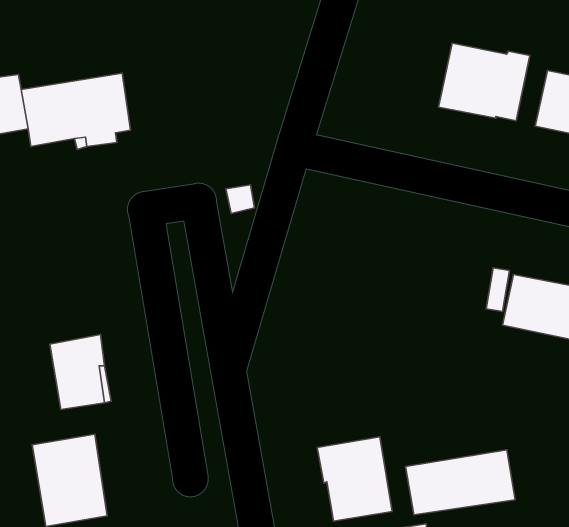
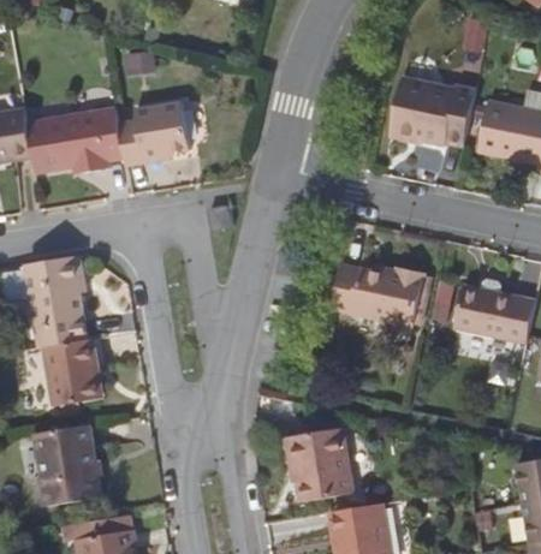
building: none -> [117,102,189,163]
building: none -> [28,255,89,346]
building: none -> [329,262,420,323]
building: [406,450,515,515] -> none

